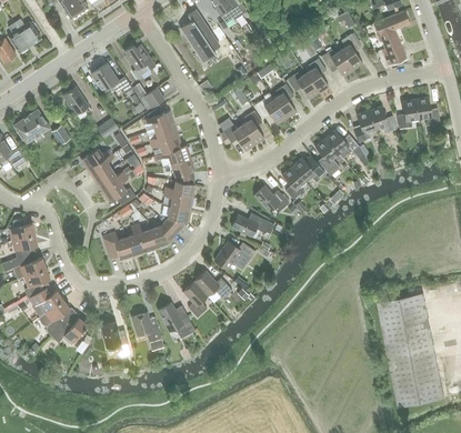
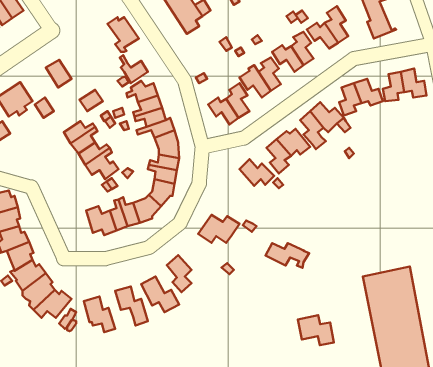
building: [90,62,132,92] -> none
building: [231,213,274,238] -> [265,243,309,268]
building: [193,270,232,298] -> none
building: none -> [298,315,334,345]

